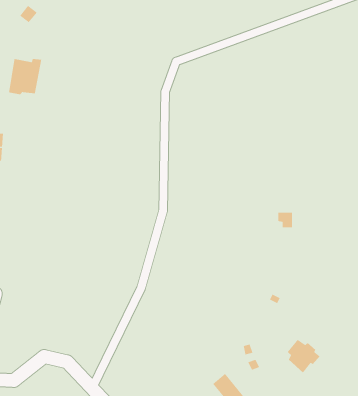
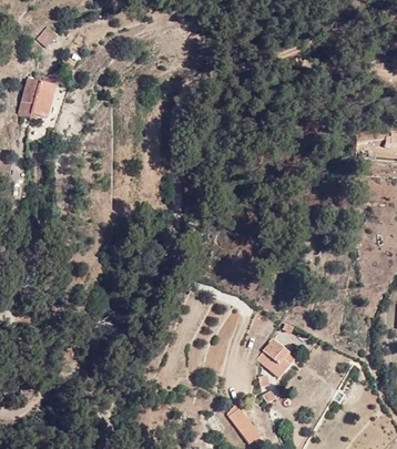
building: [287,339,321,374] -> [259,340,294,376]

